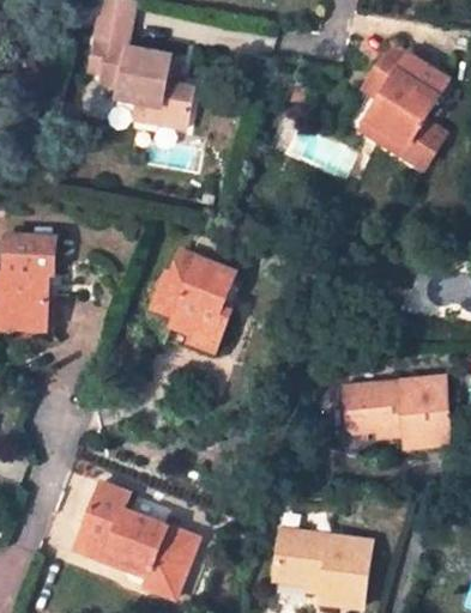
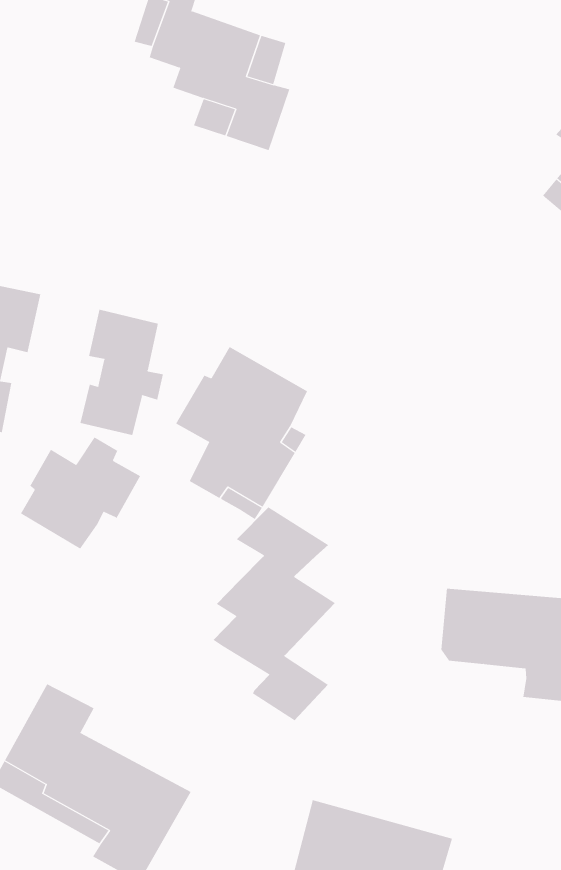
building: none -> [80,309,163,436]
building: none -> [20,437,141,550]
building: none -> [213,506,336,721]

